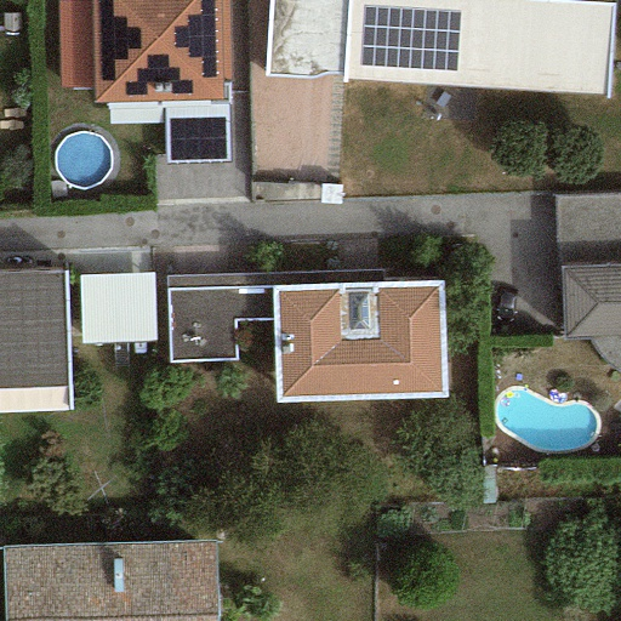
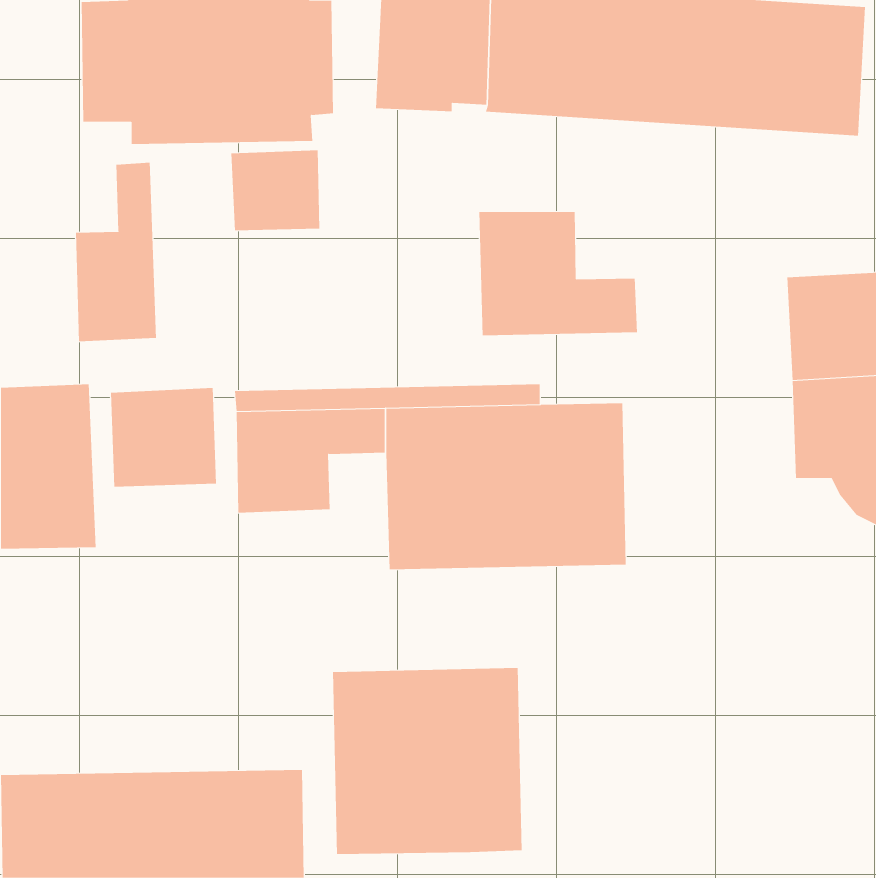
building: none -> [76,162,156,342]
building: none -> [479,211,637,336]
building: none -> [333,667,522,855]

